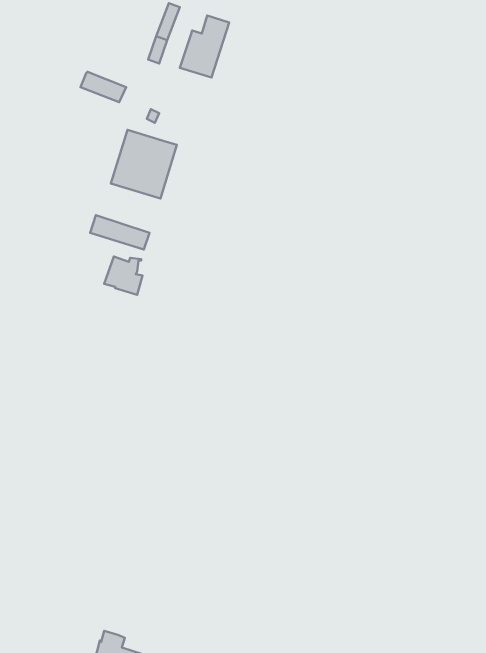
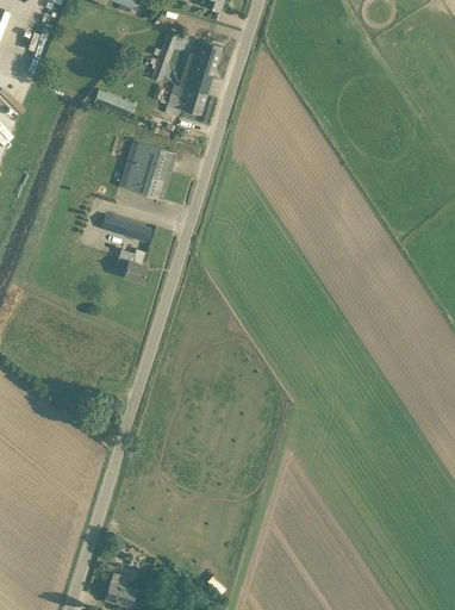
building: none -> [166,85,205,114]

